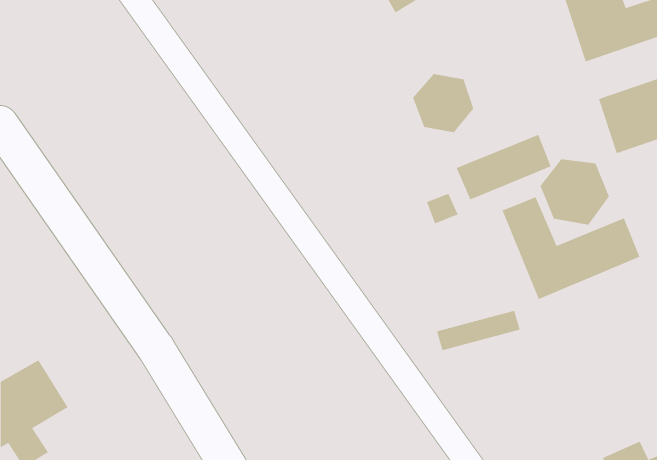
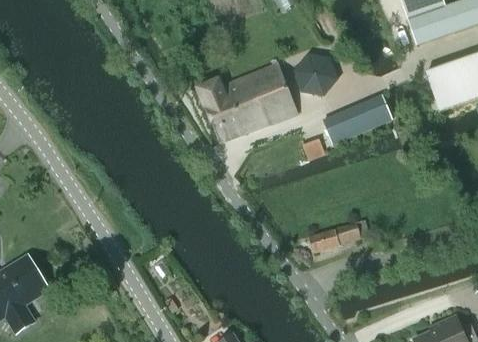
building: none -> [197,63,296,141]
building: [540,158,610,225] -> none
building: [502,197,640,300] -> none

